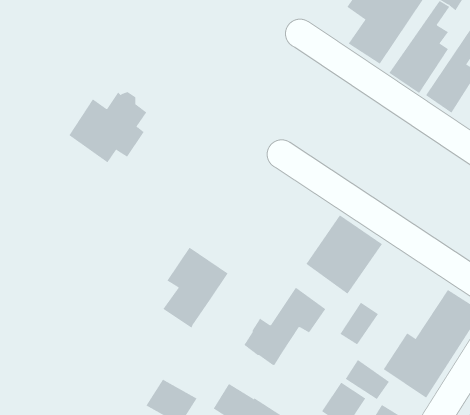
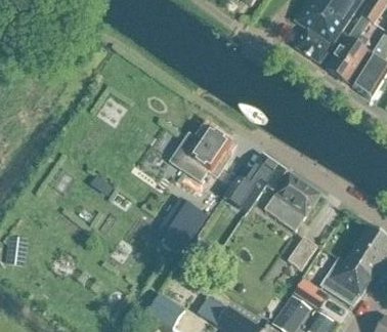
building: [69,92,147,163] -> [173,127,230,179]
building: [243,287,326,365] -> [224,154,285,211]

